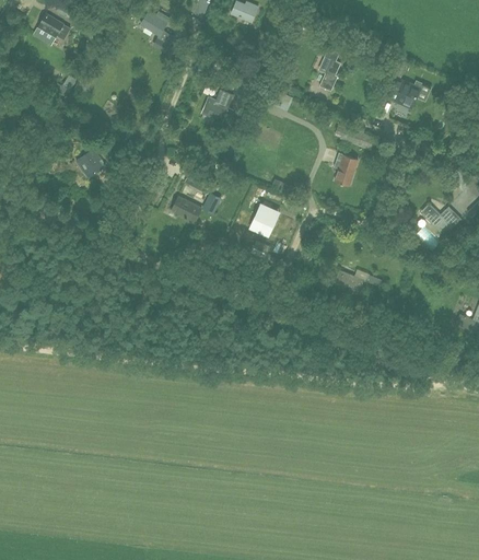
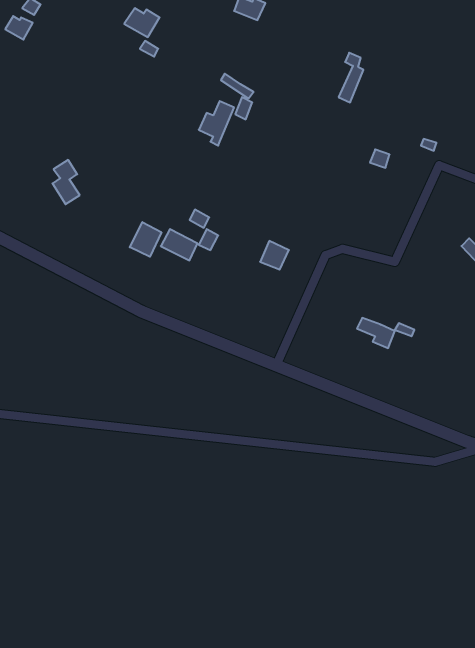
building: [388,78,420,106] -> none
building: [334,154,358,185] -> none
building: none -> [130,222,161,257]

